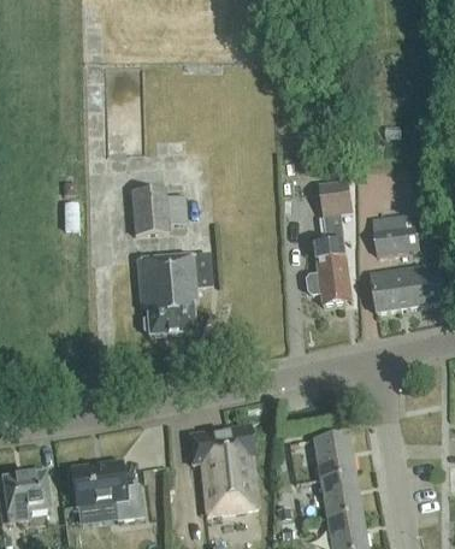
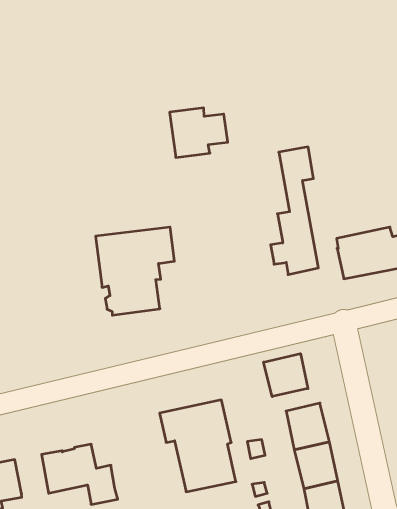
building: [131,187,187,234] -> [170,108,228,157]
building: [371,213,419,255] -> none
building: none -> [264,354,308,397]

